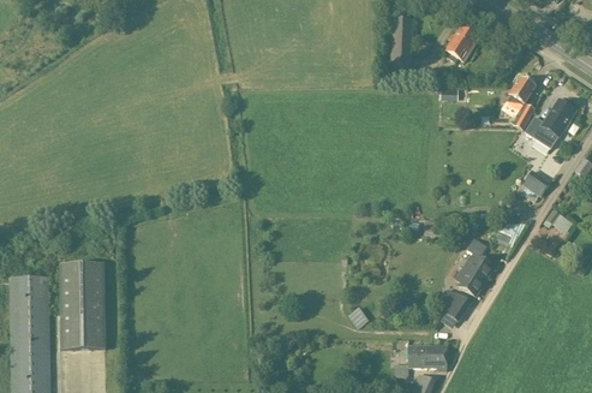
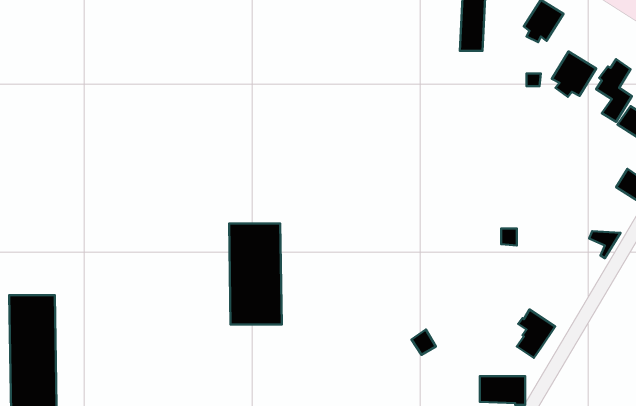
building: none -> [552,51,596,97]
building: [455,256,492,296] -> none
building: [60,263,104,349] -> [229,223,282,324]

